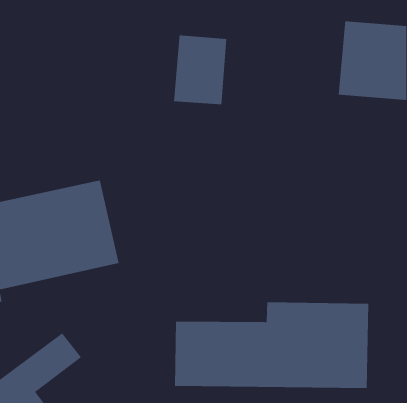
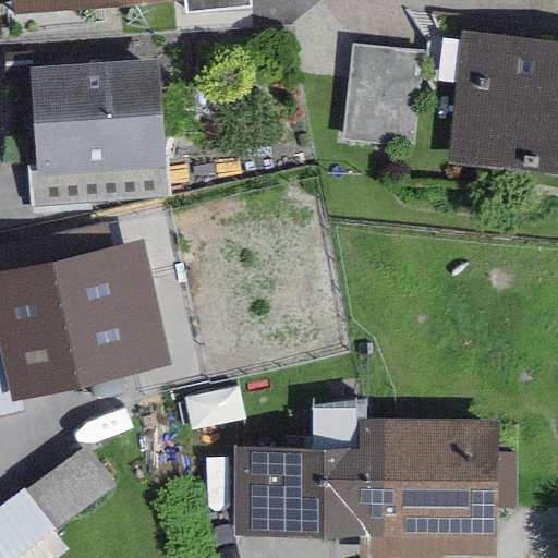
building: [173,35,227,105] -> [347,32,420,126]
building: none -> [26,69,165,191]

